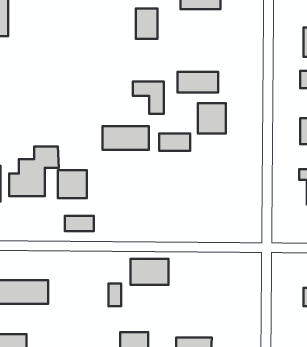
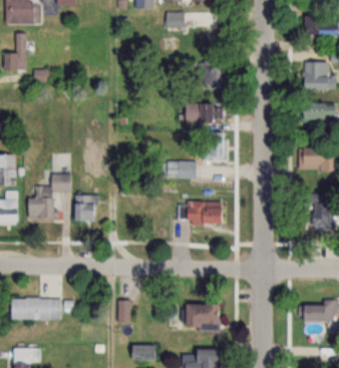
building: [136,9,157,39] -> [201,59,221,87]
building: [133,81,164,114] -> none
building: [103,126,149,150] -> [181,203,224,225]
building: [65,216,94,231] -> none
building: [131,259,168,285] -> [185,306,220,330]

